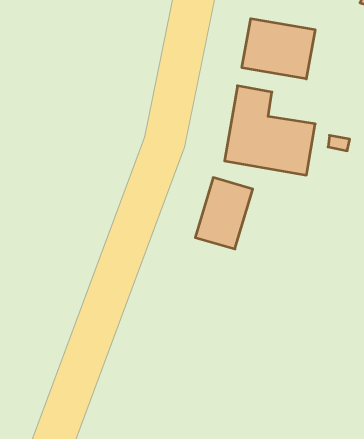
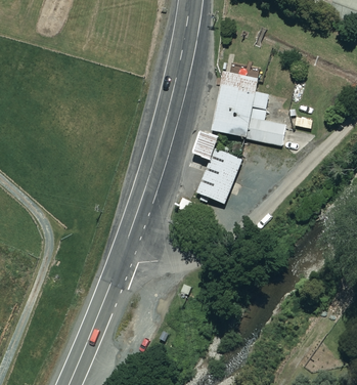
building: [242,19,315,79] -> none

